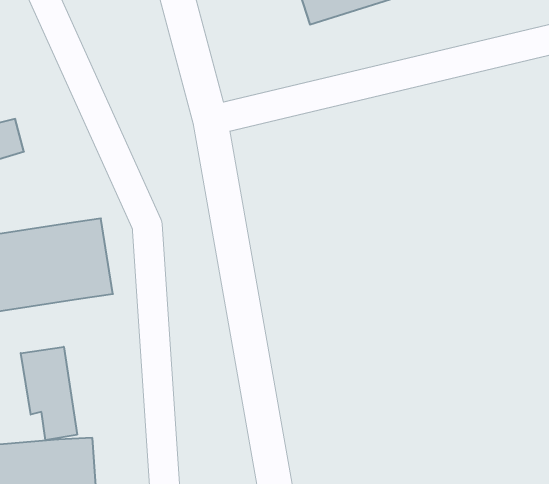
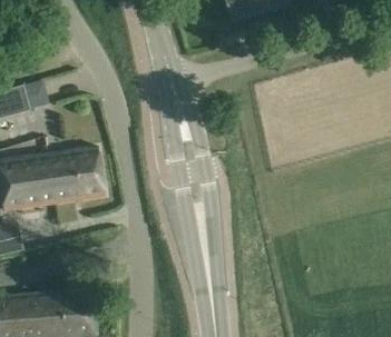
building: [21,347,77,440] -> none

